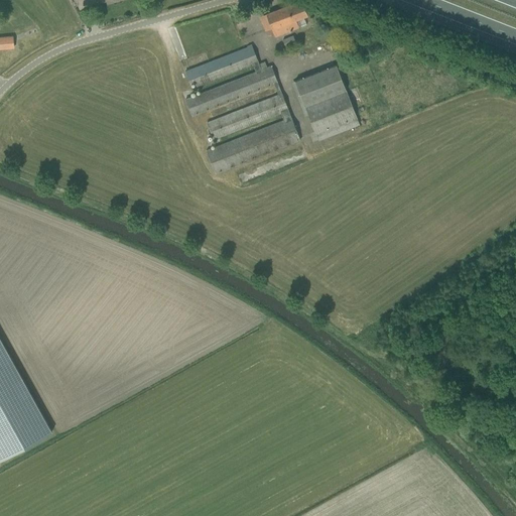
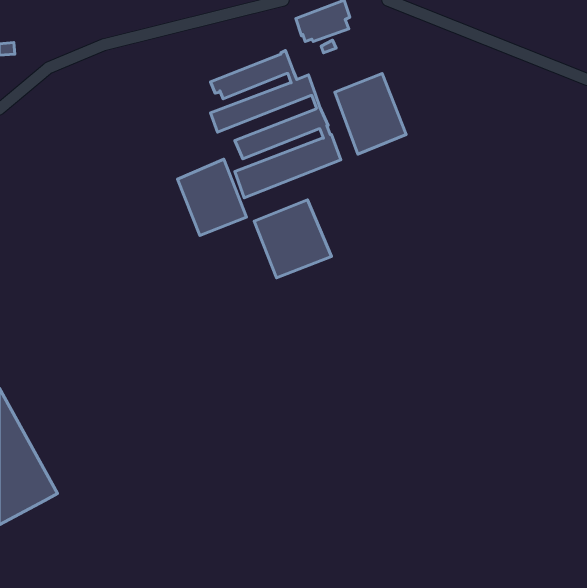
building: none -> [178,159,246,236]
building: none -> [254,200,332,278]

